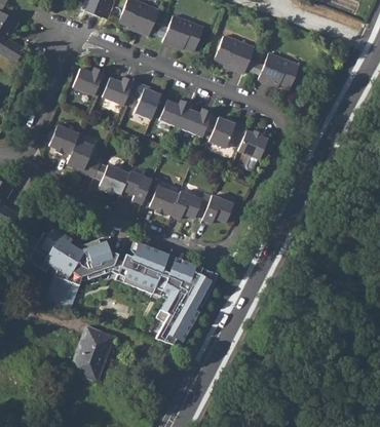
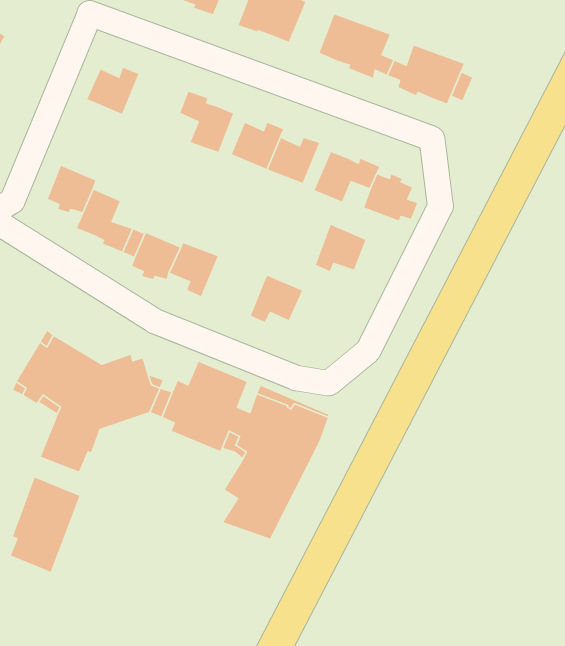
building: [102,76,132,104] -> none
building: [148,186,178,215] -> none
building: [201,194,232,223] -> [315,224,366,272]
building: [72,324,114,382] -> [10,477,80,573]

